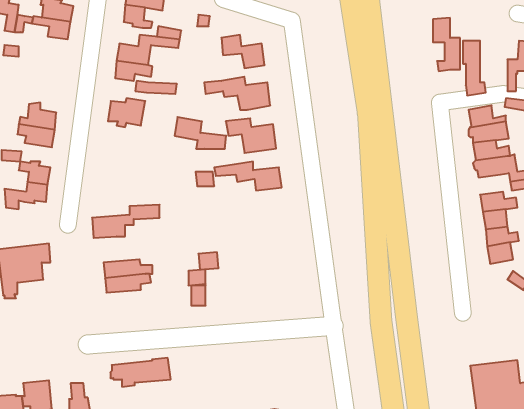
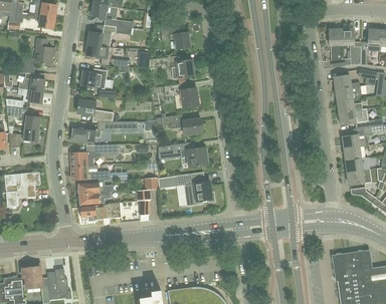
building: [433,18,460,71] -> [341,28,360,65]
building: none -> [20,39,52,66]
building: [175,117,226,149] -> [76,99,113,121]
building: none -> [70,126,101,144]
building: none -> [171,141,207,167]
building: none -> [70,166,110,181]
building: none -> [176,173,214,205]
building: [110,358,171,387] -> [78,202,121,222]

